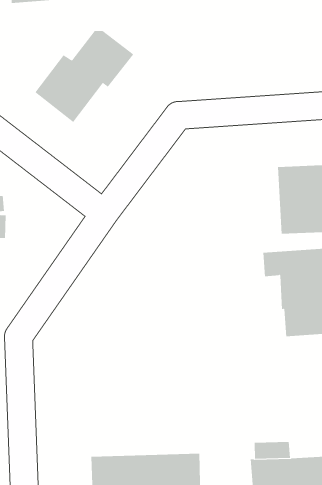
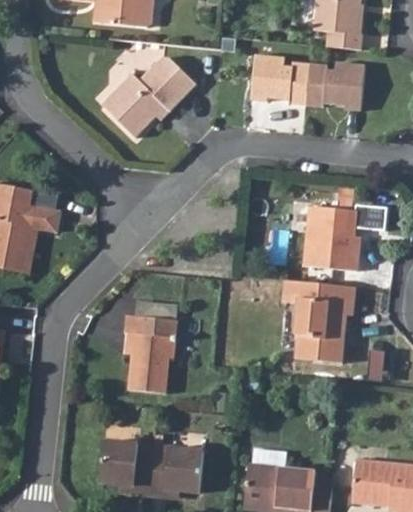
building: none -> [253,55,366,110]
building: none -> [124,314,176,393]

